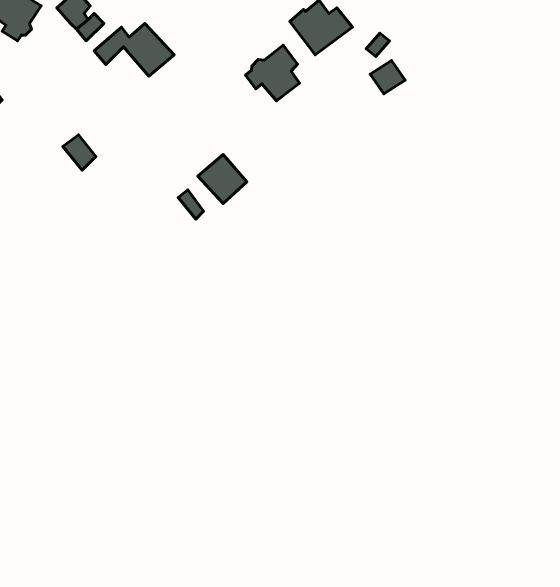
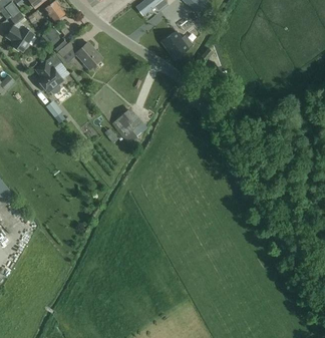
building: none -> [35,54,63,94]
building: [245,45,299,101] -> none

